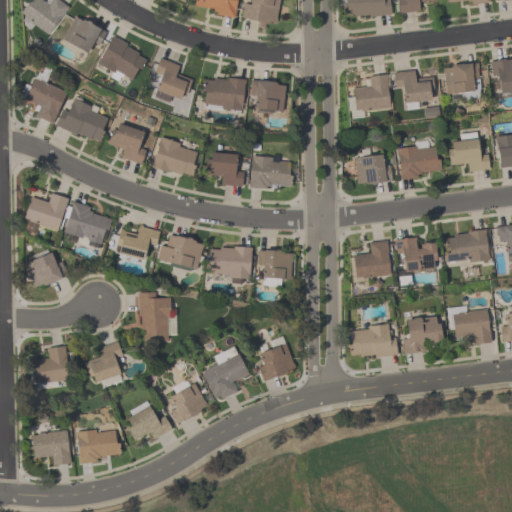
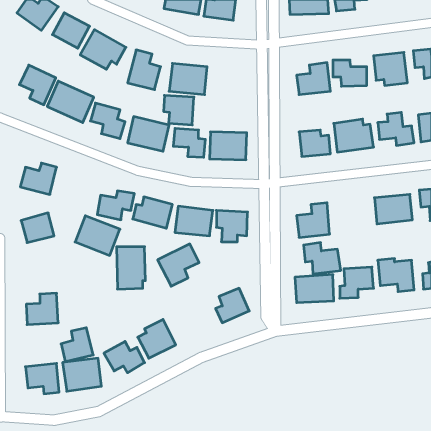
building: [250,80,286,115] -> [164,95,194,125]
building: [62,201,115,248] -> [75,216,120,255]
building: [395,236,439,273] -> [304,243,341,274]
building: [86,344,124,384] -> [61,328,93,362]
building: [200,352,249,402] -> [158,244,199,286]

